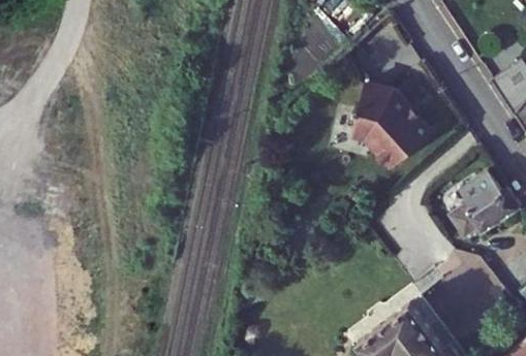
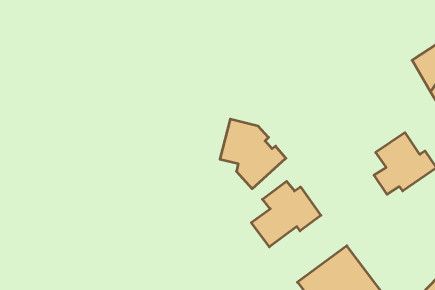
building: [353,87,432,169] -> [220,119,286,189]
building: none -> [251,181,321,247]

